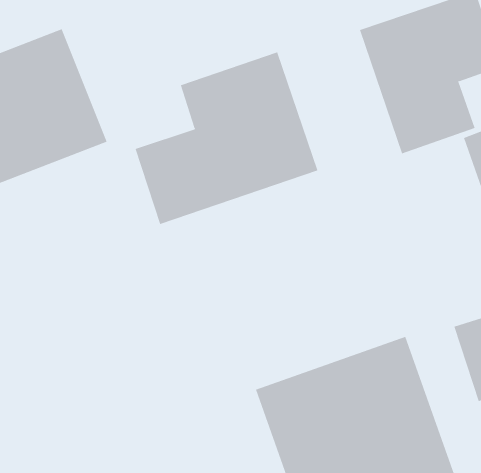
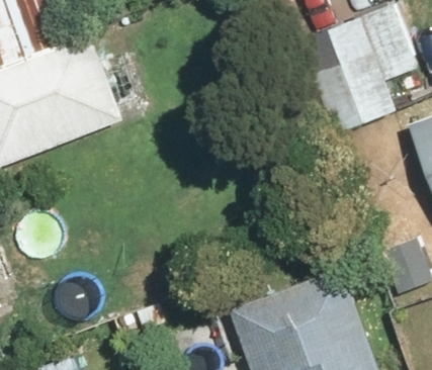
building: [135,52,318,225] -> none

